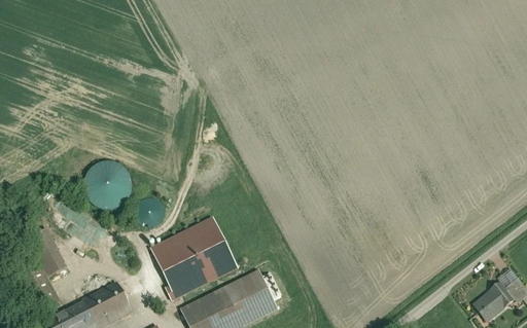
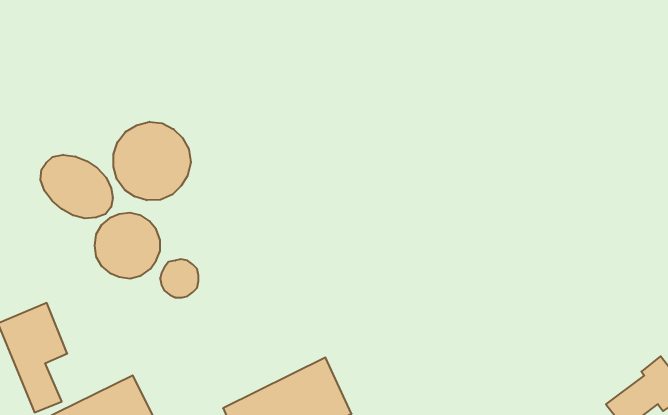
building: none -> [113,122,191,200]
building: none -> [41,155,113,218]
building: [151,218,239,299] -> none

